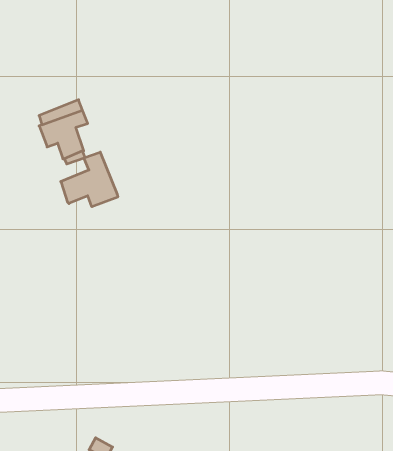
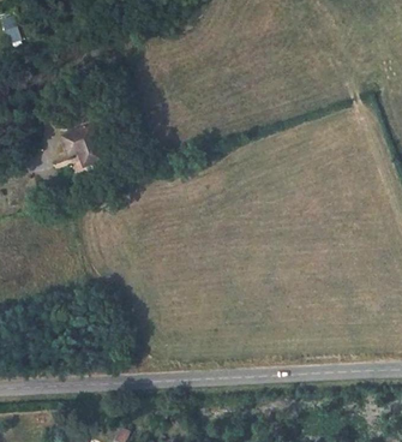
building: [61,152,118,207] -> none

